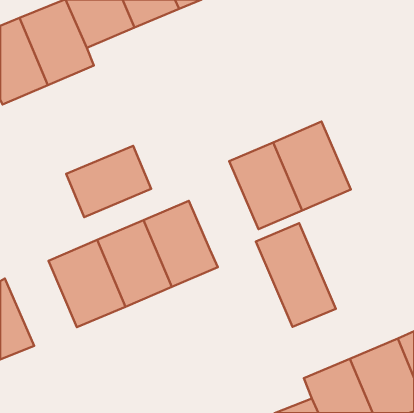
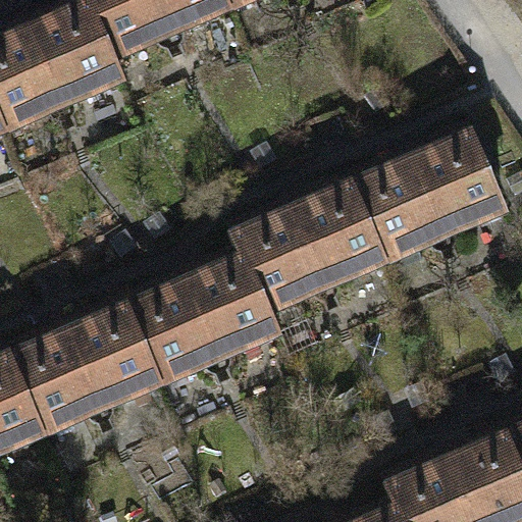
building: none -> [405,128,499,239]
building: [66,146,151,217] -> none
building: none -> [227,203,325,314]
building: [256,223,336,327] -> none
building: none -> [6,328,97,435]

